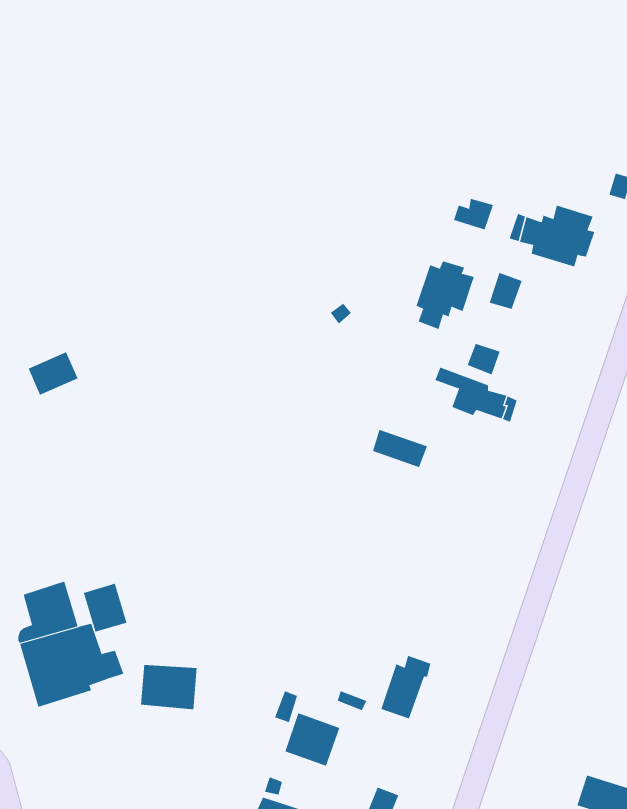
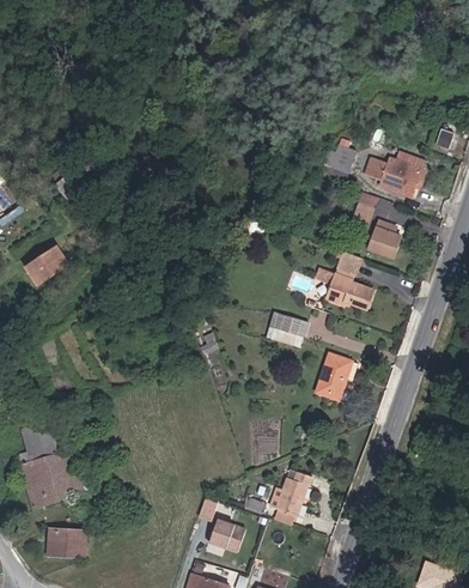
building: [416,260,474,330] -> none
building: none -> [370,220,402,257]
building: none -> [313,353,352,404]
building: [83,583,127,632] -> none
building: [140,664,197,710] -> [45,527,86,559]

